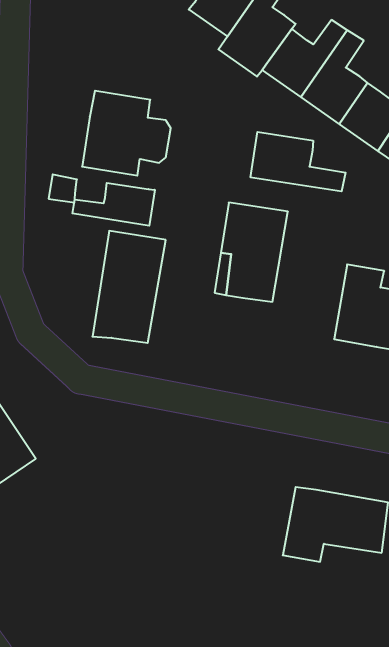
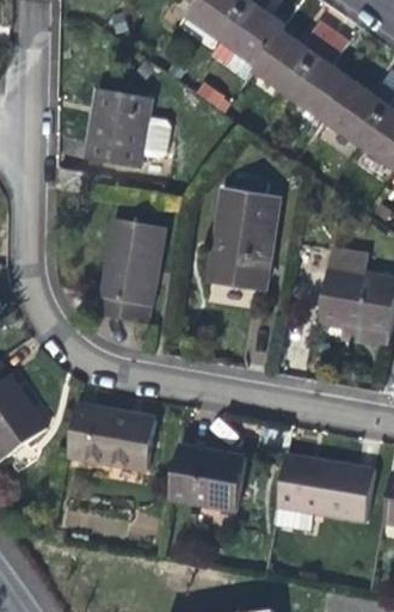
building: [251,132,346,191] -> none
building: [72,183,155,226] -> none
building: none -> [68,408,154,466]
building: none -> [170,447,245,508]

